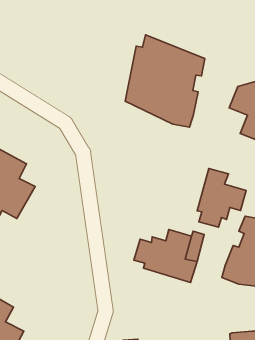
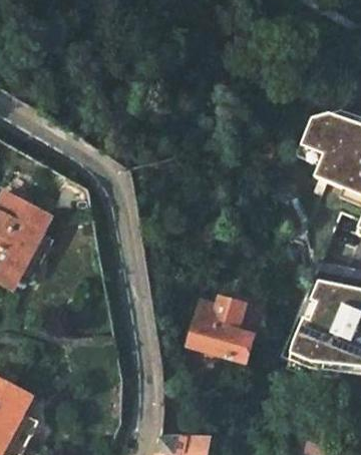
building: [125,35,205,127] -> none
building: [197,168,246,227] -> none

